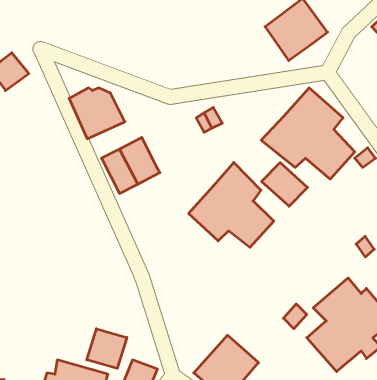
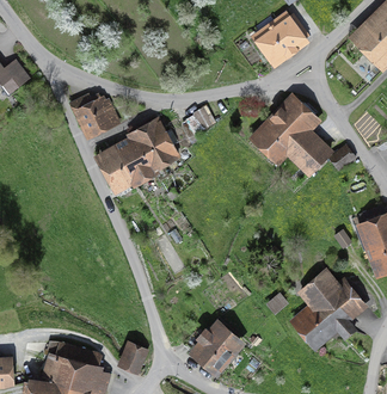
building: none -> [134,119,178,166]
building: [189,162,274,247] -> none
building: [262,163,308,206] -> none
building: [87,329,127,368] -> none

